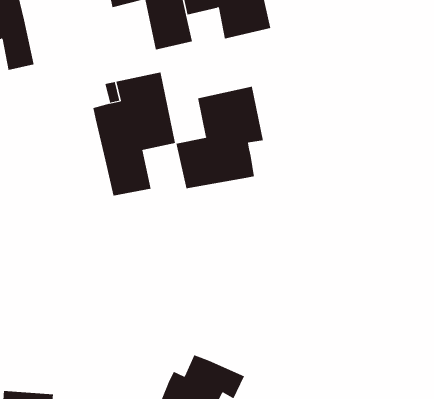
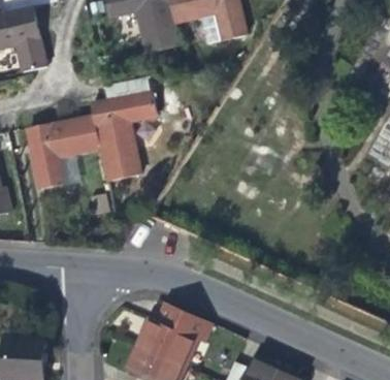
building: [176,86,264,189] -> none
building: none -> [26,109,98,186]

